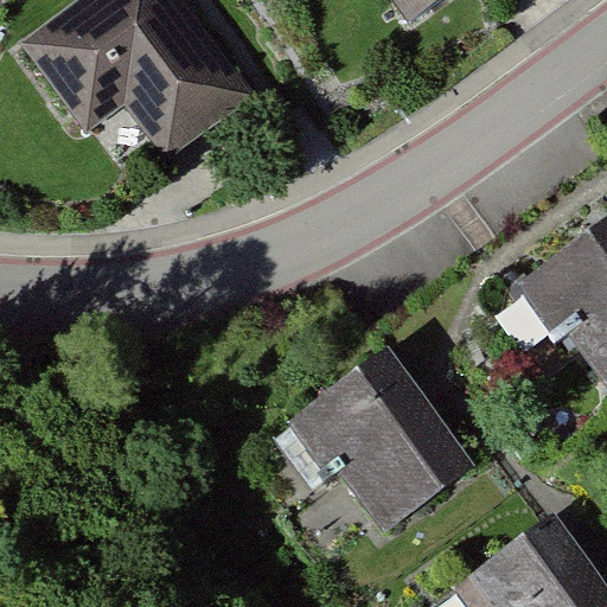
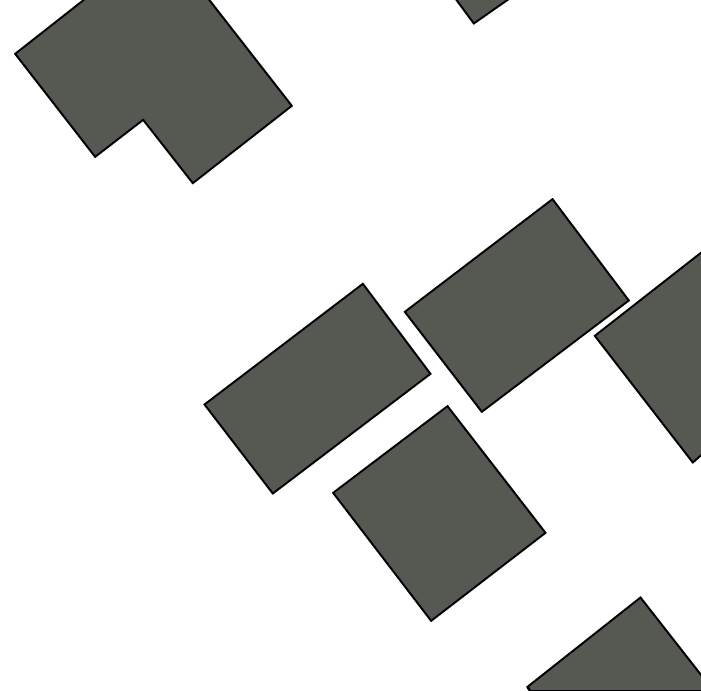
building: none -> [405,199,629,412]
building: none -> [204,284,431,493]

